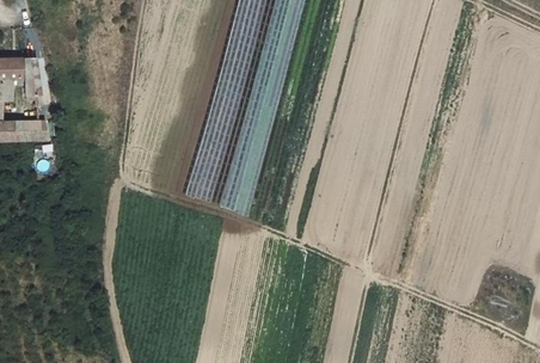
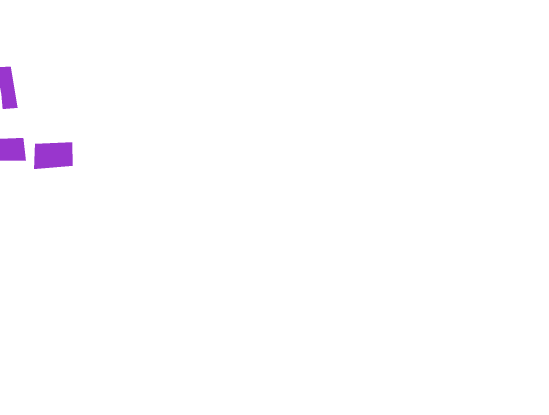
building: none -> [34,142,73,170]

